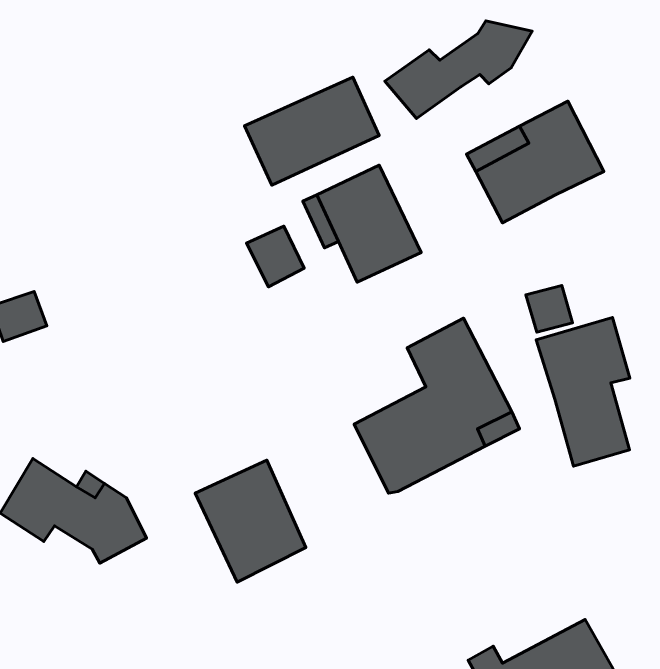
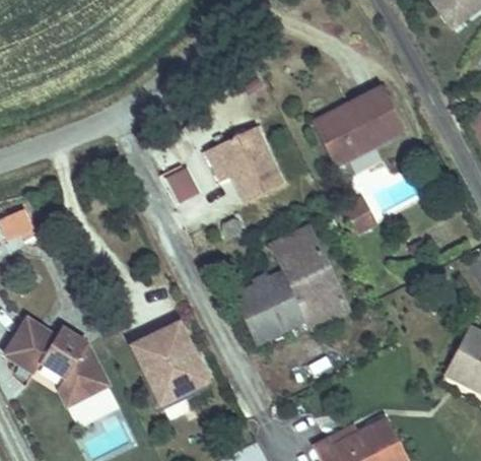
building: [385,21,532,118] -> none
building: [244,77,379,185] -> none
building: [536,317,630,466] -> none
building: none -> [59,372,109,407]

